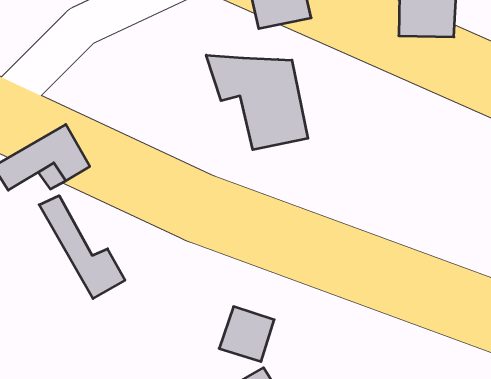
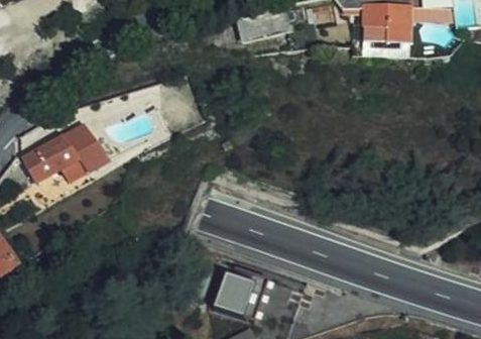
building: [206,55,308,150] -> none
building: [39,196,125,299] -> none

